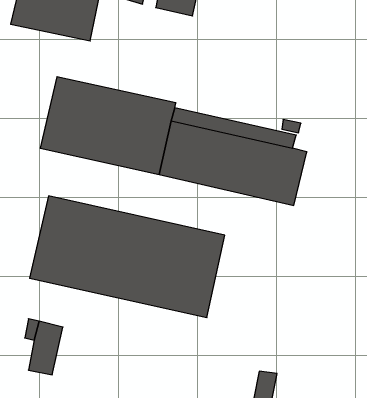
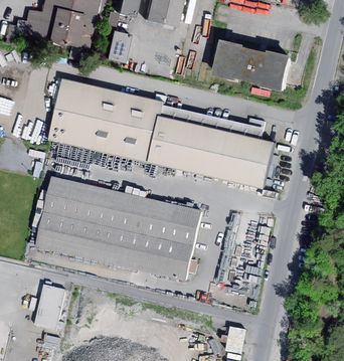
building: none -> [104,29,129,61]
building: none -> [216,41,295,94]

